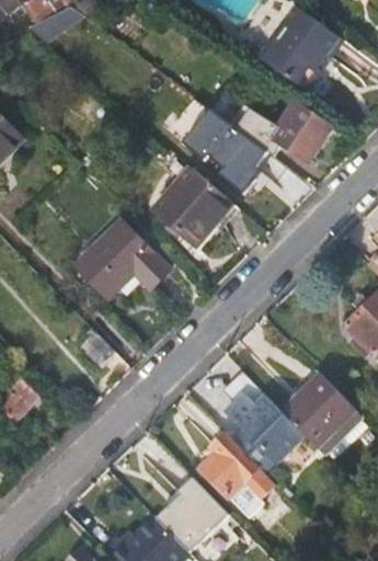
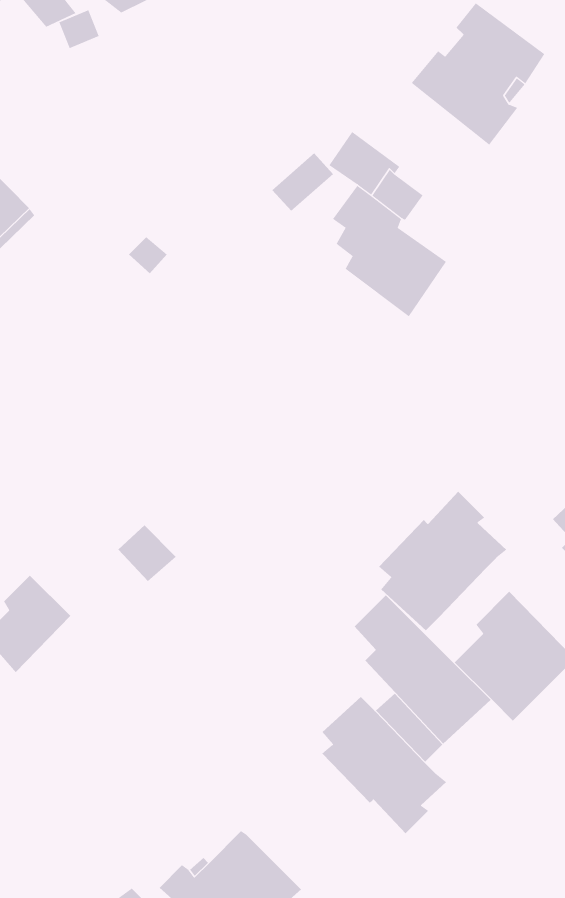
building: [272,102,331,161] -> none
building: [151,164,225,242] -> none
building: [77,222,169,299] -> none
building: none -> [378,491,507,631]
building: [156,476,230,552] -> none

